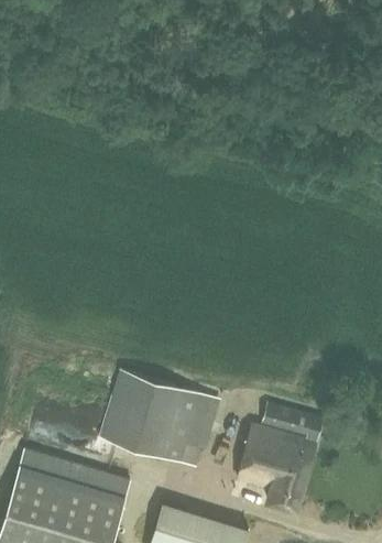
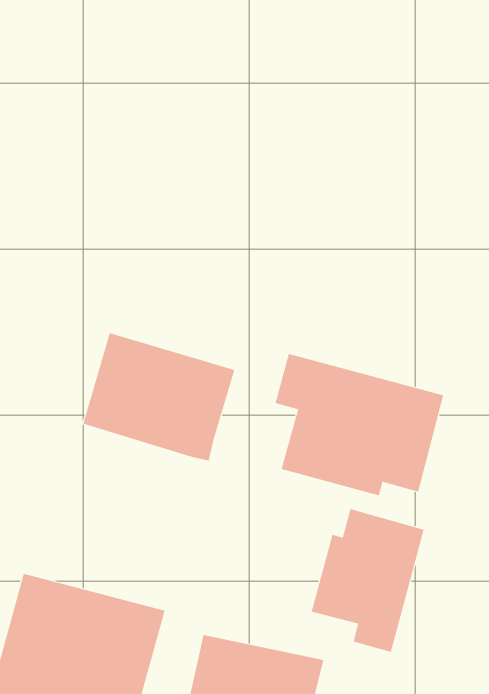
building: none -> [275,353,444,496]
building: [101,371,214,466] -> [82,332,235,461]

